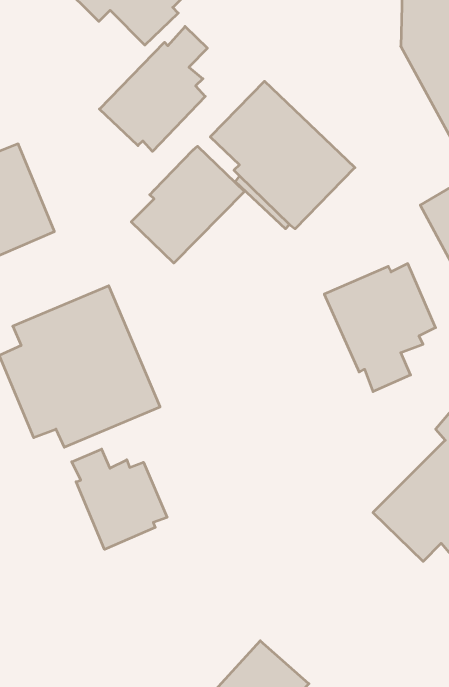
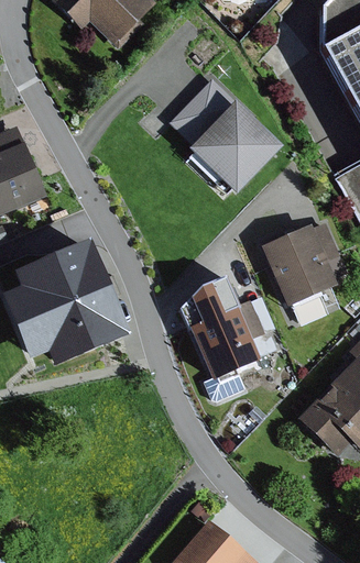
building: [99,26,207,151] -> none
building: [131,146,244,263] -> none
building: none -> [177,278,279,401]
building: [72,449,167,549] -> none

